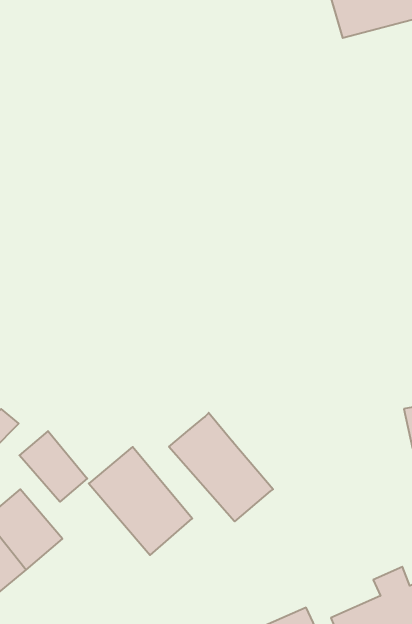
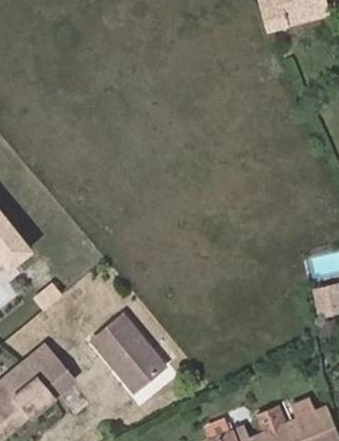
building: [169,413,273,521] -> none
building: [19,431,87,502] -> none

